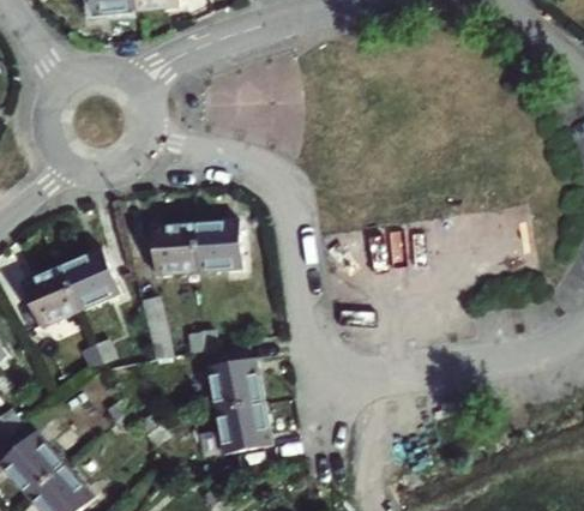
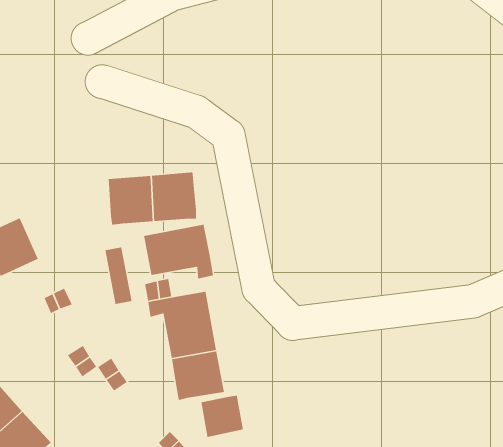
building: [59,250,116,309] -> none
building: none -> [143,224,214,279]
building: none -> [201,395,244,438]

